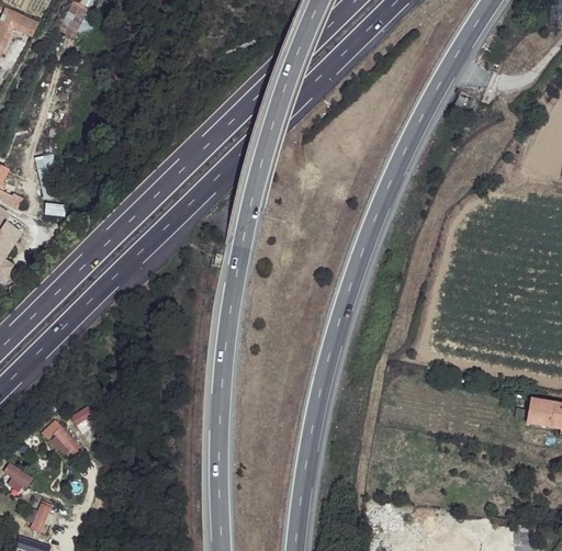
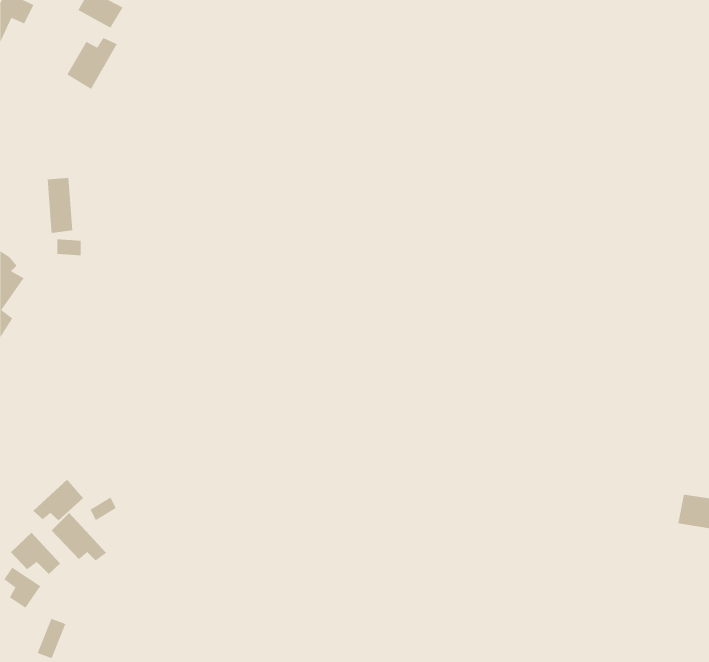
building: none -> [66,37,118,90]
building: none -> [33,479,84,521]
building: none -> [10,532,61,575]

